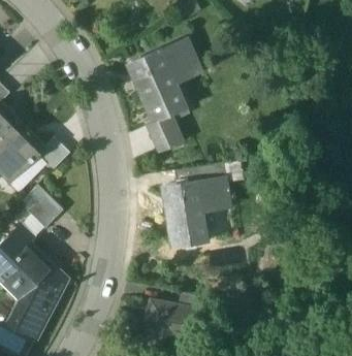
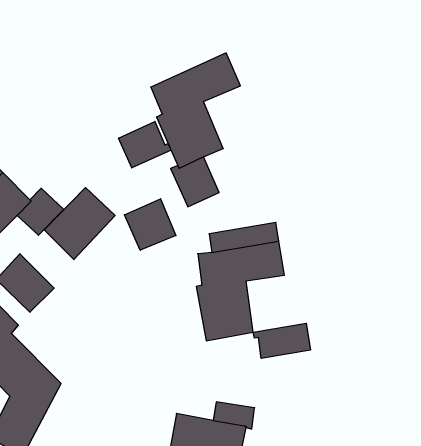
building: none -> [119,121,171,168]
building: none -> [44,188,115,260]
building: none -> [124,199,176,250]
building: none -> [253,323,310,358]

